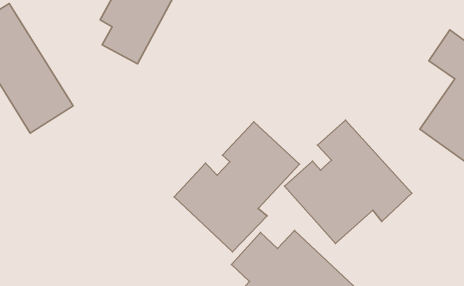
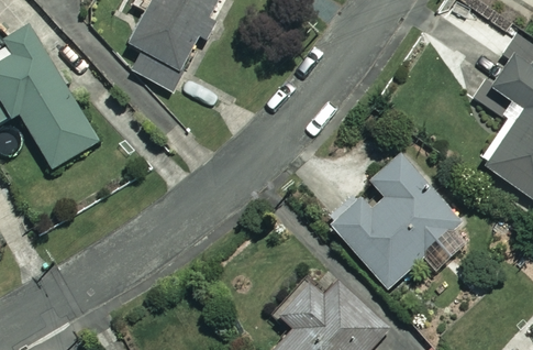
building: [174,122,299,252] -> none

